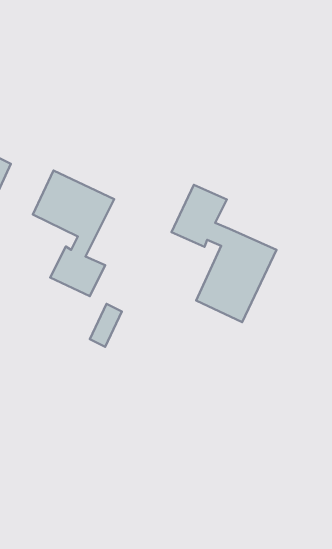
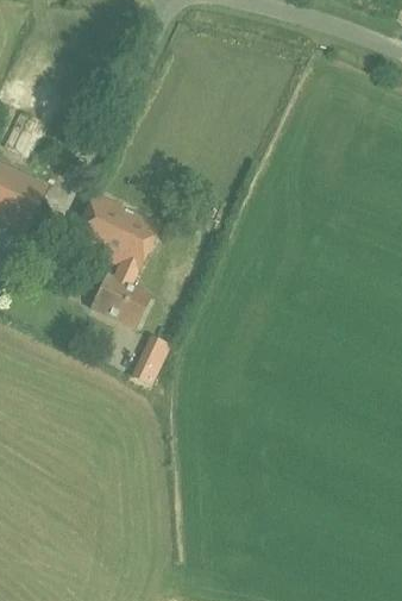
building: [172,185,276,322] -> none

